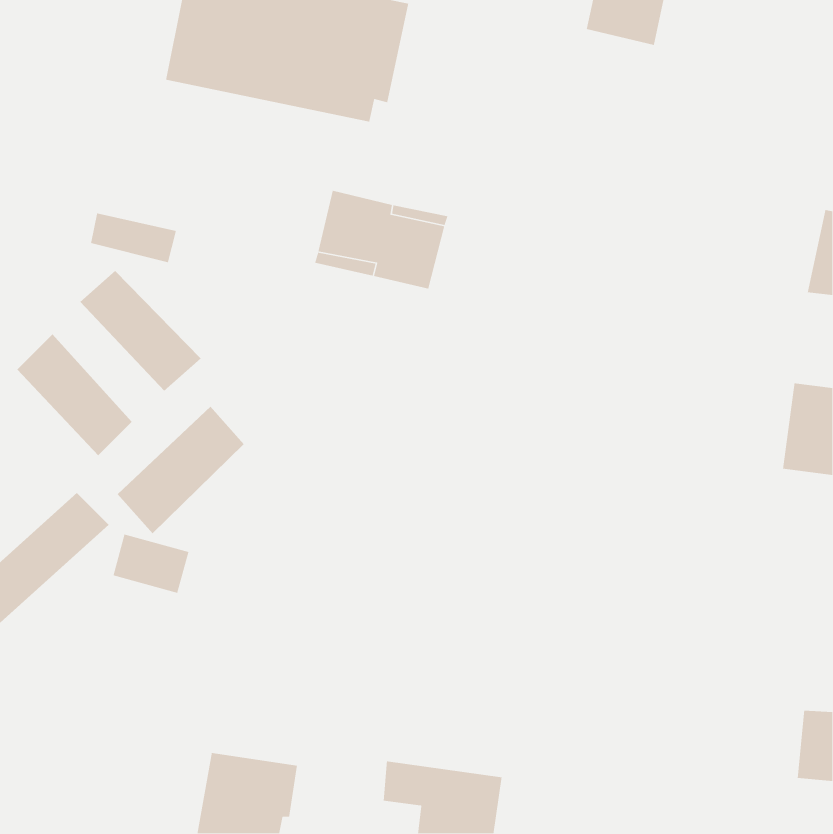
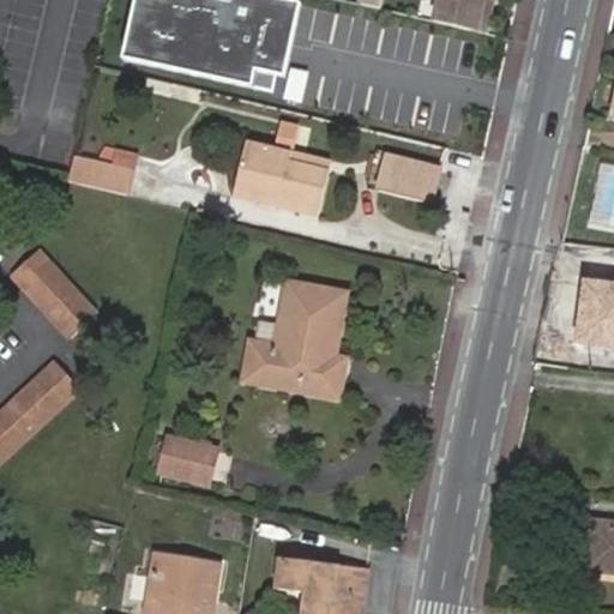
building: none -> [377,155,435,198]
building: [79,270,202,392] -> none
building: none -> [246,285,344,397]
building: [117,406,245,534] -> none
building: [112,533,189,594] -> [159,438,216,482]

